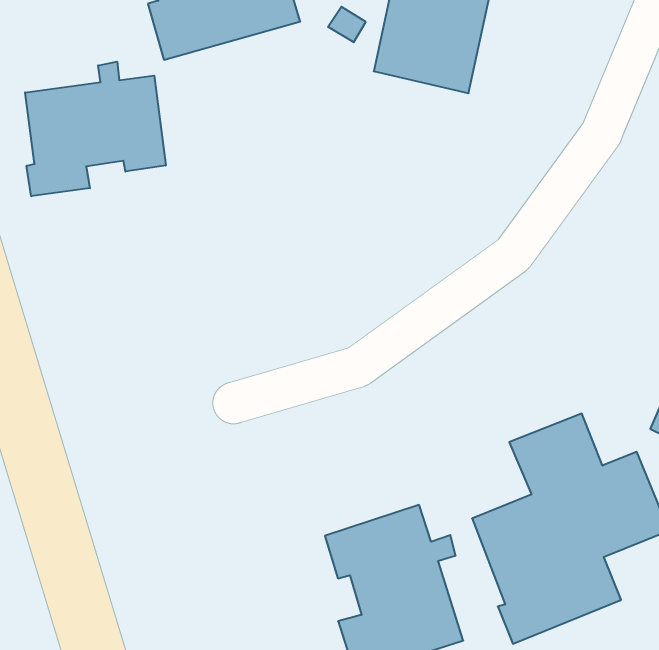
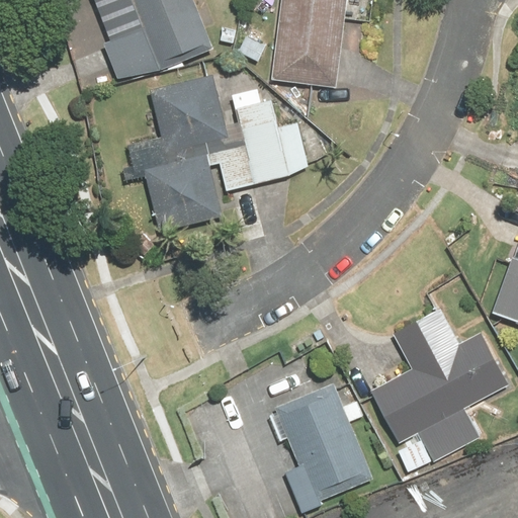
building: none -> [127,71,308,233]
building: [25,62,166,196] -> none

